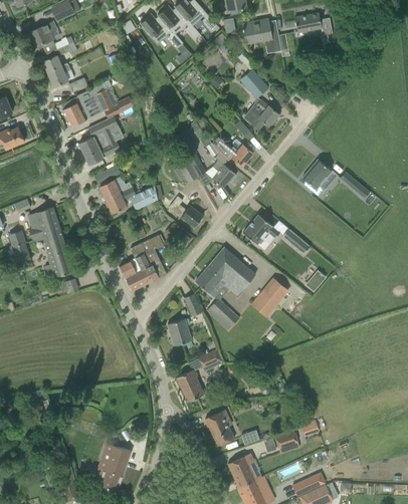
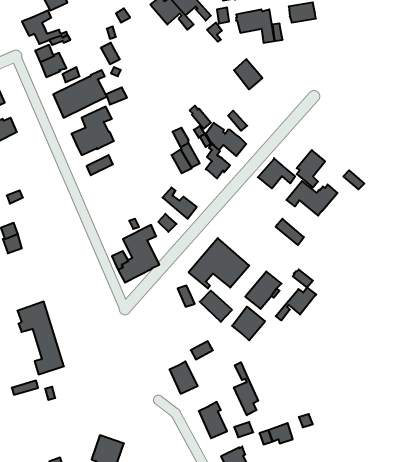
building: [140,15,183,48] -> none
building: [243,100,278,131] -> none
building: [99,176,158,214] -> none
building: none -> [286,181,338,216]
building: [27,207,73,279] -> [17,302,64,374]
building: [242,214,279,244] -> [258,158,295,188]
building: none -> [276,288,316,320]
building: none -> [232,307,265,340]
building: [167,318,191,345] -> none
building: none -> [234,362,258,415]

